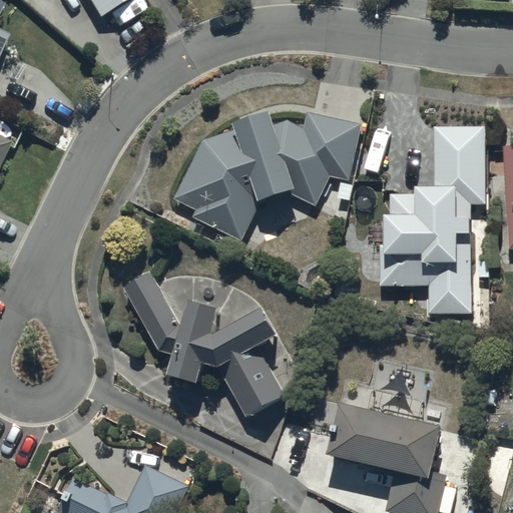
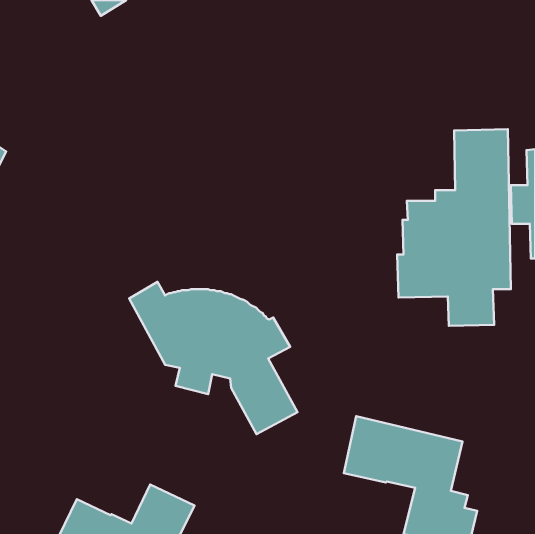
building: [173,108,359,241] -> none

